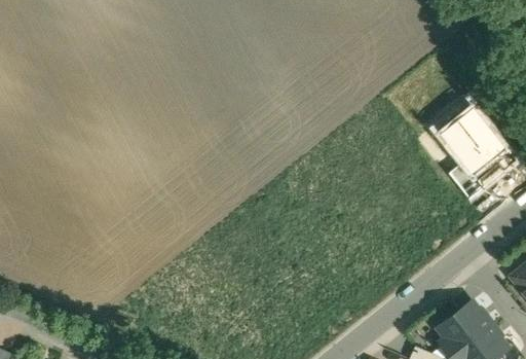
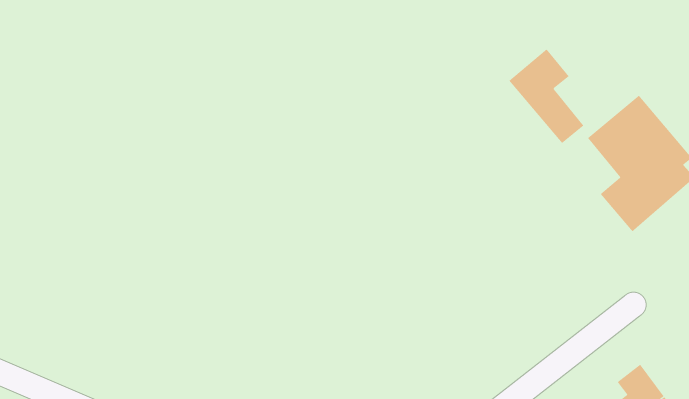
building: none -> [509,48,584,144]

